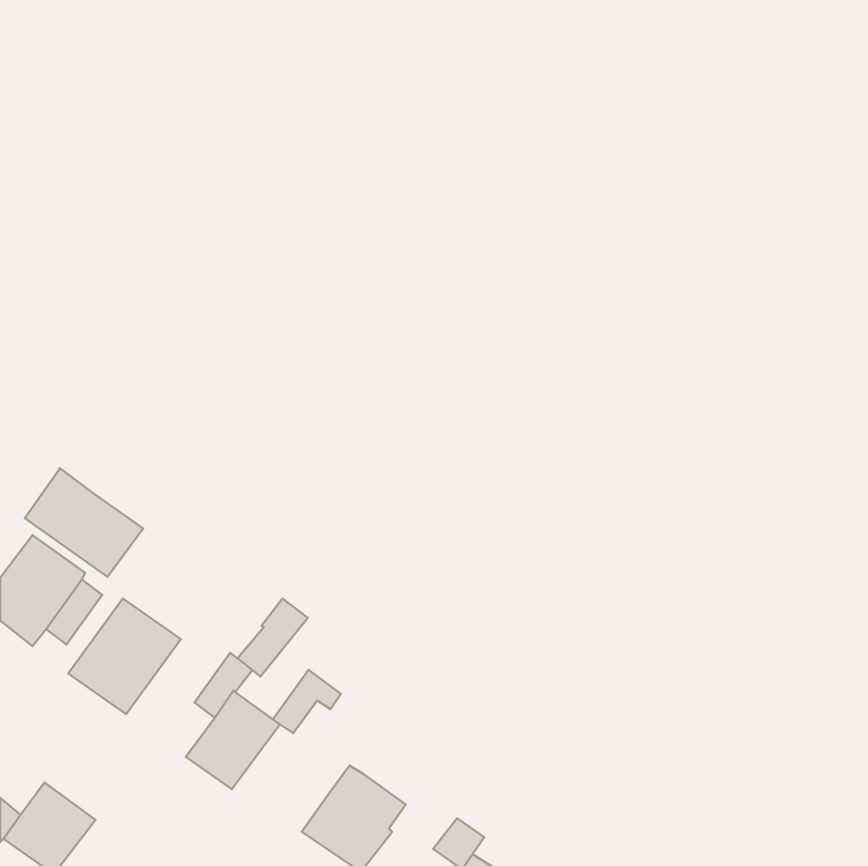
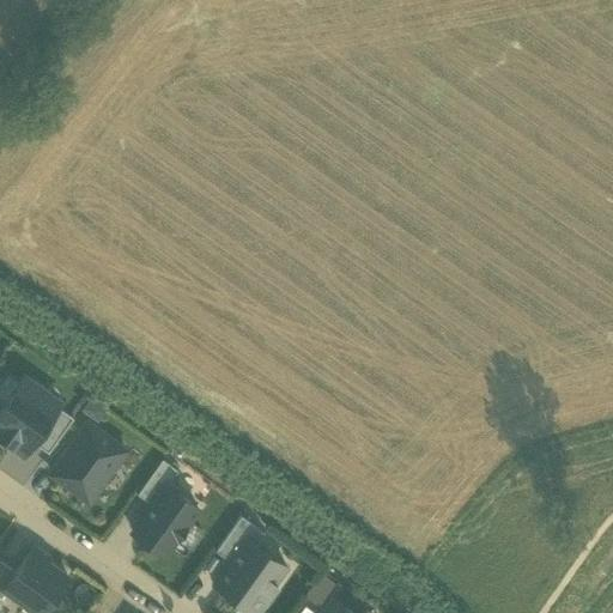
building: [25,468,143,577] -> none
building: [237,598,308,676] -> none
building: [273,670,341,733] -> [217,520,265,564]

